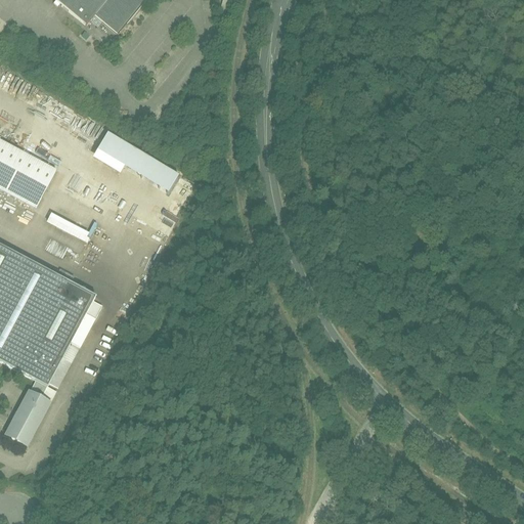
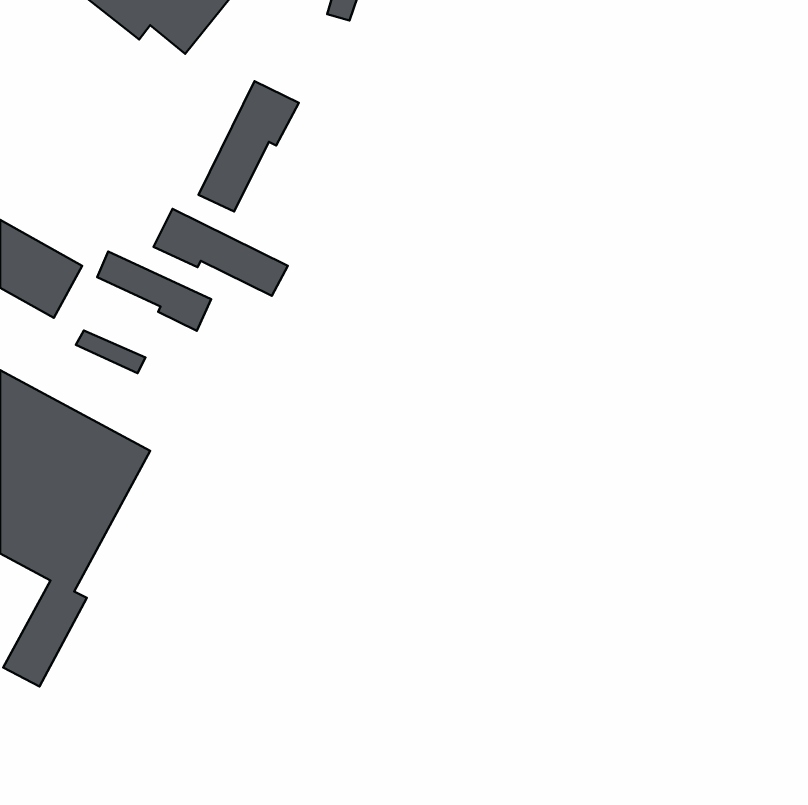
building: none -> [198,81,299,211]
building: none -> [97,252,211,331]

